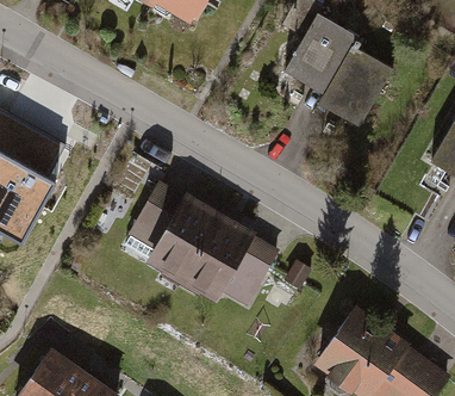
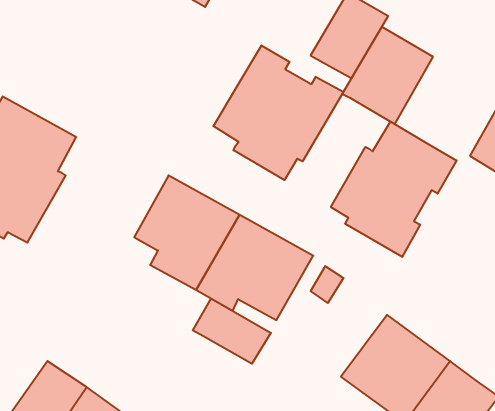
building: none -> [213,45,343,180]
building: none -> [331,121,457,257]
building: none -> [193,299,271,364]

